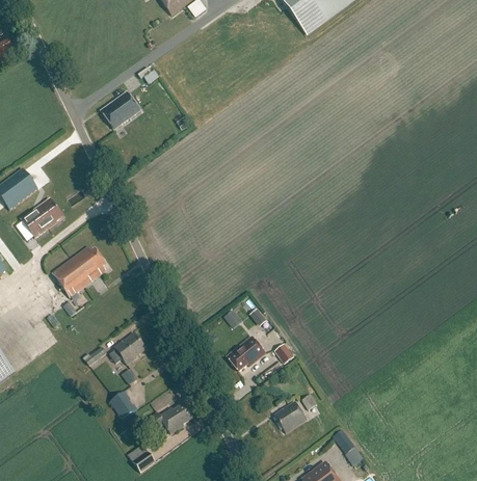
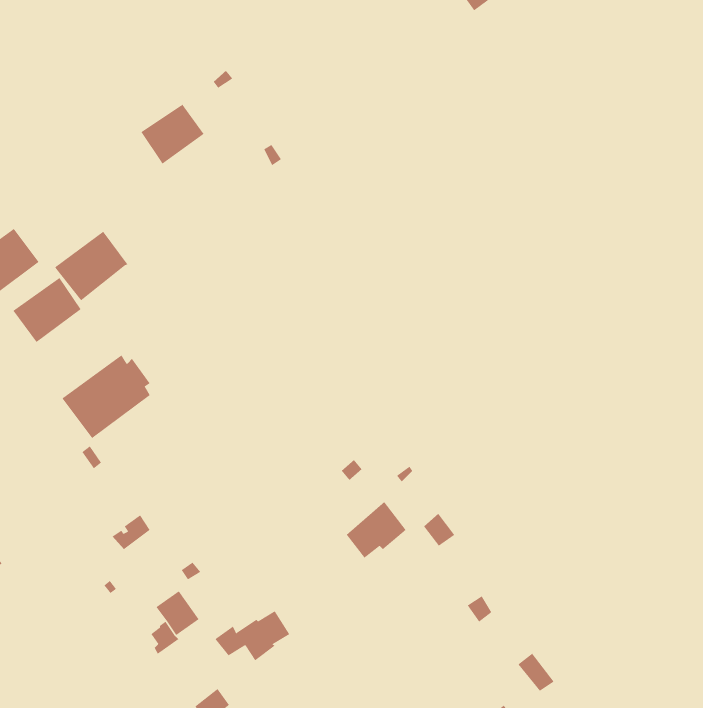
building: none -> [55,231,128,301]
building: [108,332,144,364] -> none
building: [273,401,307,432] -> none

